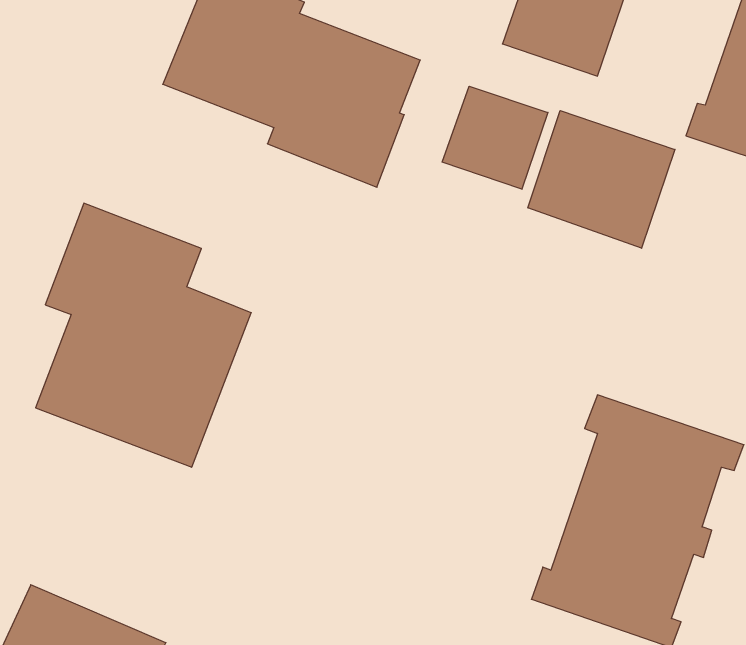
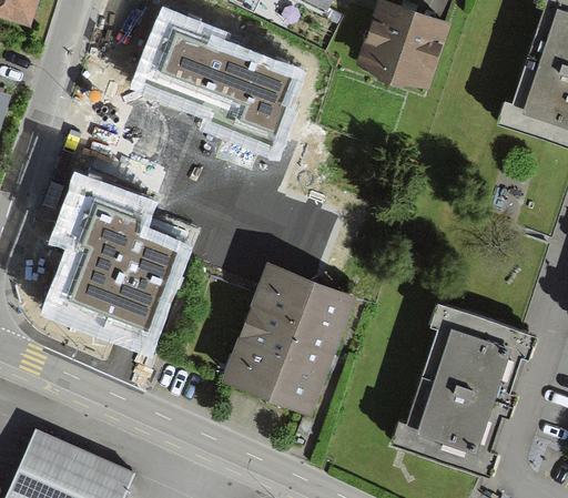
building: [442,86,548,189] -> none
building: [528,111,675,248] -> none
building: none -> [232,265,357,409]

